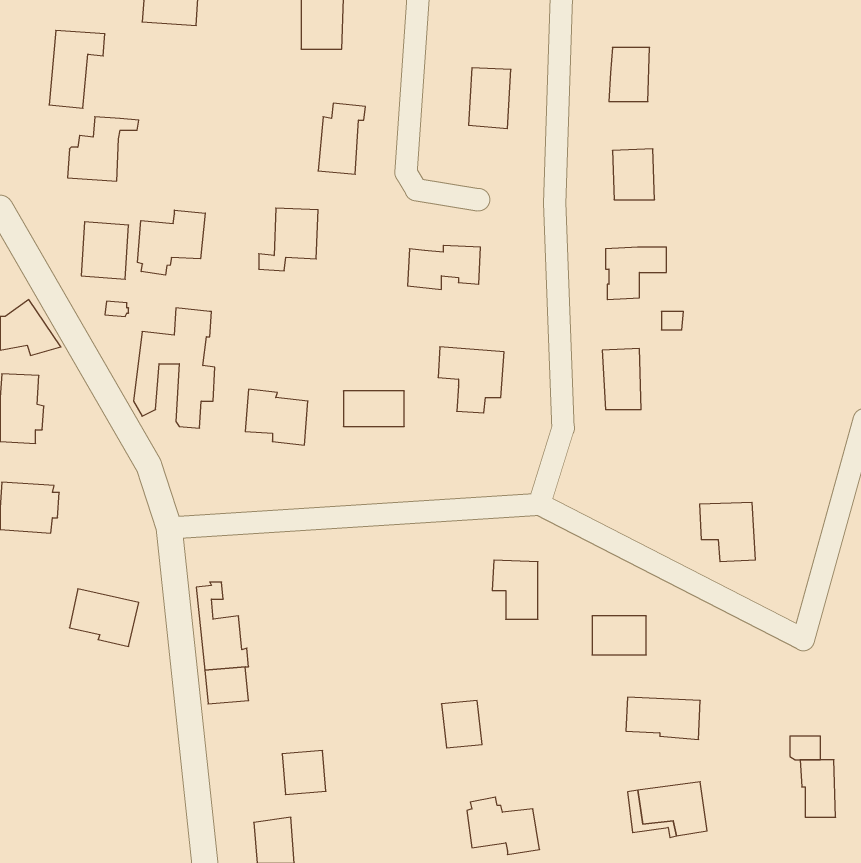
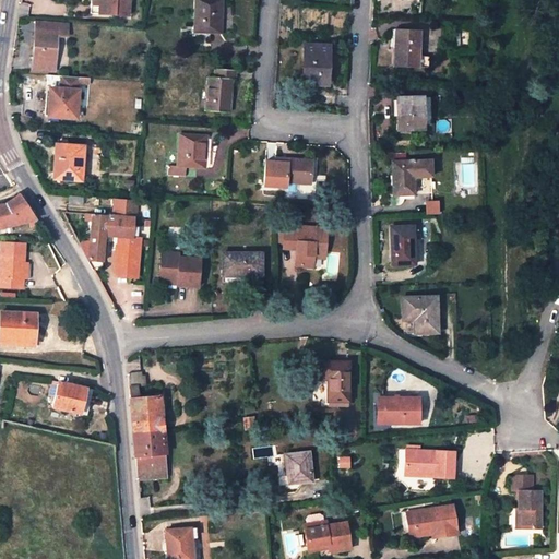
building: [138,210,205,275] -> none
building: [700,502,755,562] -> [403,295,439,333]
building: [282,751,326,795] -> [136,452,165,480]

